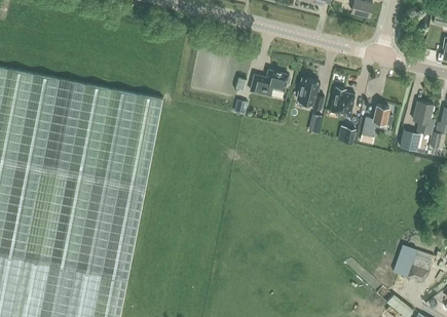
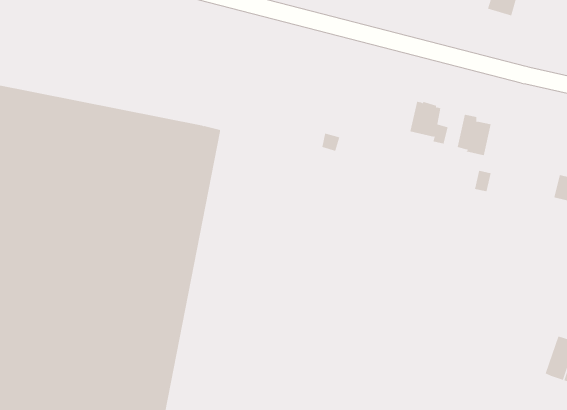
building: [251,70,291,96] -> none
building: [362,105,394,137] -> none

